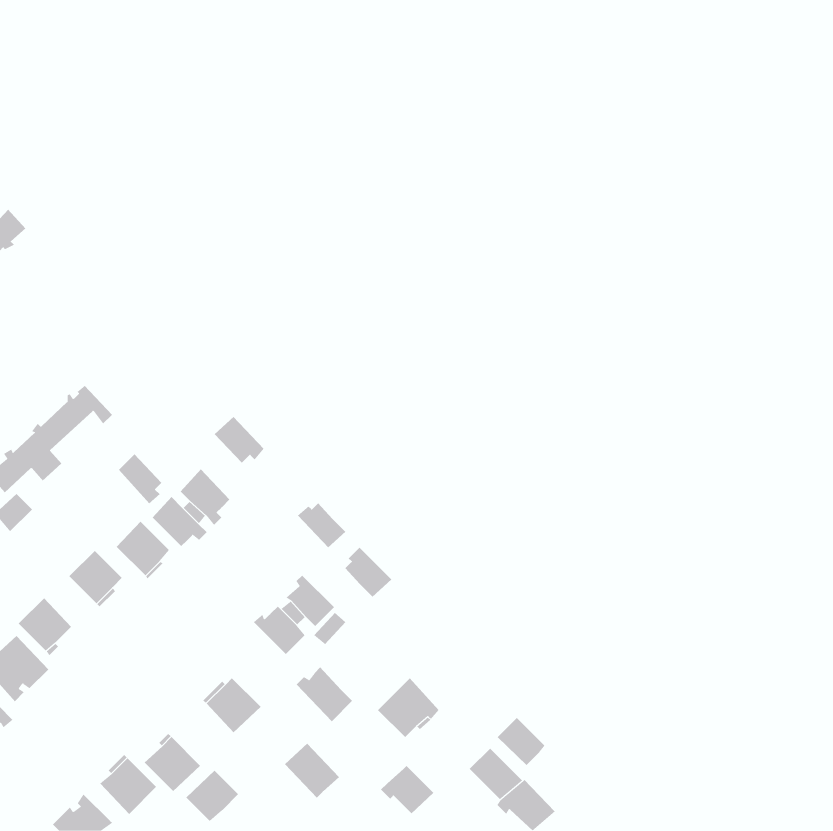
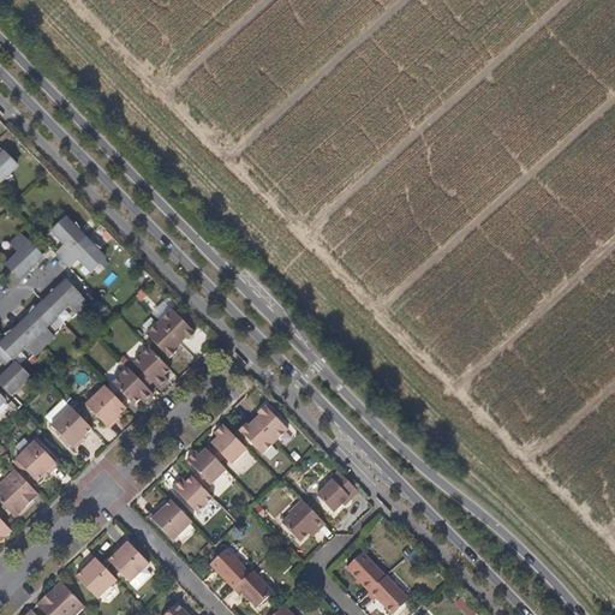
building: none -> [53,217,101,269]
building: none -> [8,233,40,274]
building: [118,453,162,504] -> [145,320,178,357]
building: [297,502,346,548] -> [238,418,274,452]
building: none -> [315,471,357,512]
building: [296,667,353,722] -> [171,471,213,512]
building: [497,717,545,766] -> none
building: [380,765,434,814] -> [233,569,273,605]
building: [185,770,239,822] -> none

